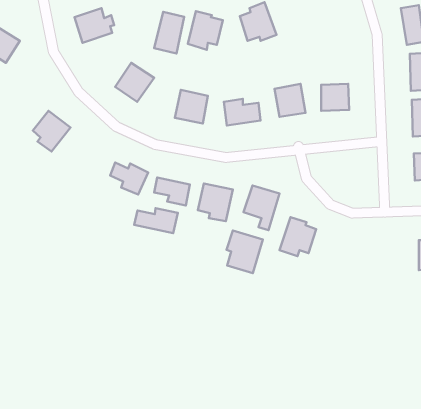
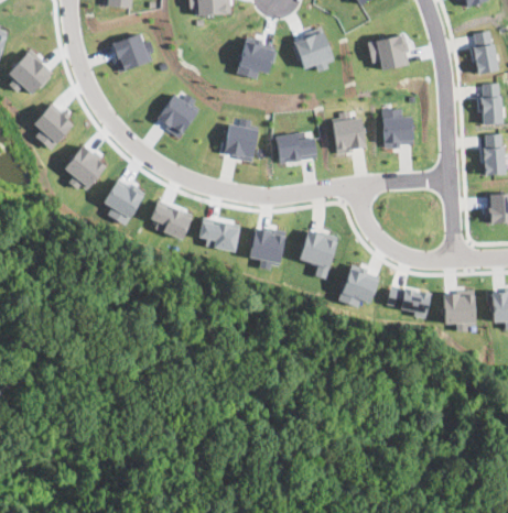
building: none -> [368,33,410,70]
building: [154,12,184,54] -> none
building: none -> [34,105,73,150]
building: none -> [105,182,142,225]
building: [134,208,178,233] -> none
building: [227,231,263,273] -> none
building: none -> [387,287,430,318]
building: none -> [444,291,475,331]

